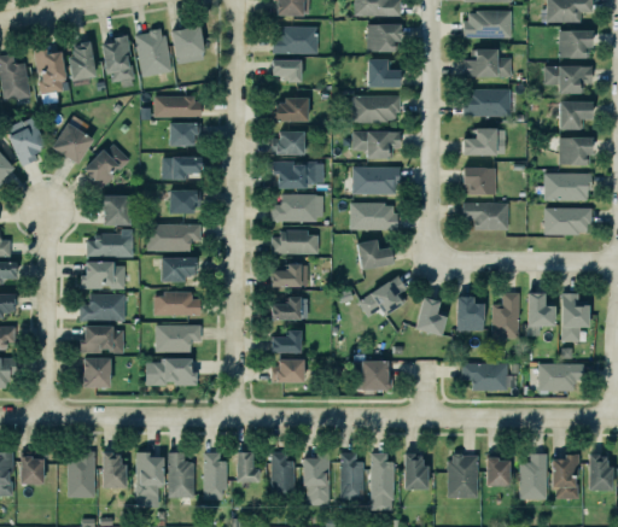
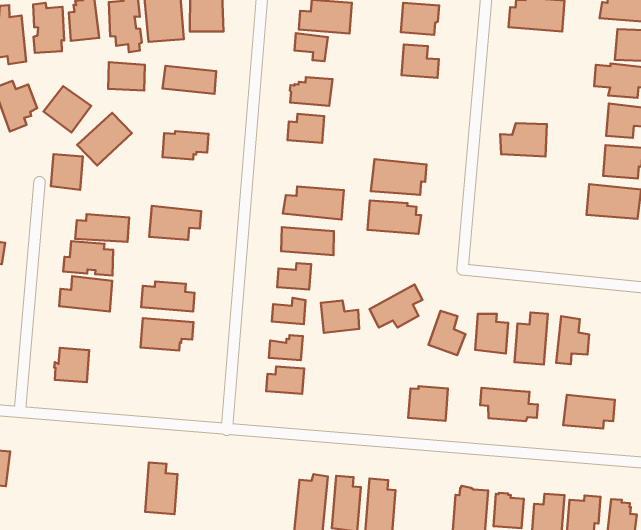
building: [466,49,513,77] -> none
building: [466,89,512,117] -> none
building: [355,95,402,123] -> none
building: [170,123,204,147] -> [108,62,145,90]
building: [355,131,402,158] -> none
building: [274,162,326,188] -> none
building: [461,166,495,193] -> none
building: [170,191,203,213] -> none
building: [103,194,129,224] -> [51,154,83,190]
building: [461,201,507,229] -> none
building: [543,207,590,234] -> none
building: [355,239,391,269] -> [321,301,359,333]
building: [159,256,197,281] -> none
building: [560,292,587,341] -> none
building: [81,327,126,353] -> none
building: [147,359,199,386] -> none
building: [352,359,386,388] -> [408,386,448,421]
building: [135,451,162,505] -> none
building: [203,451,226,498] -> none
building: [235,451,258,481] -> none
building: [69,452,97,498] -> none
building: [273,452,297,497] -> none
building: [403,452,426,488] -> none
building: [104,453,128,488] -> none

